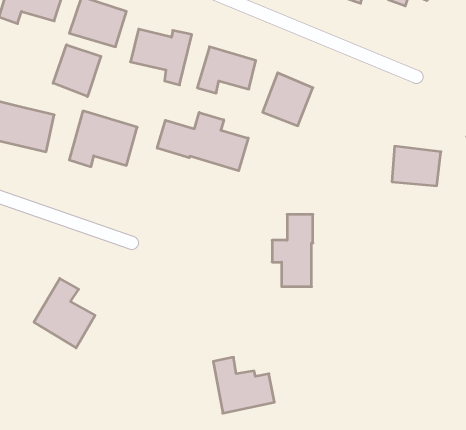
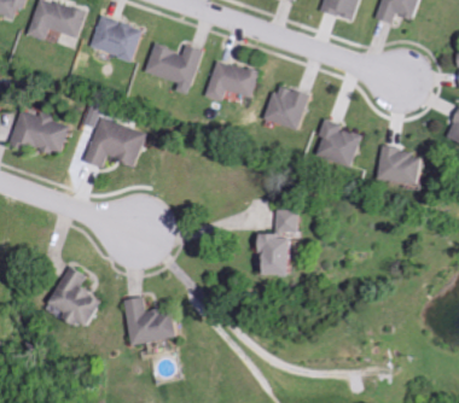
building: [53,45,101,97] -> none
building: none -> [307,118,351,168]
building: [157,112,248,171] -> none
building: [213,357,274,413] -> [128,296,182,345]

